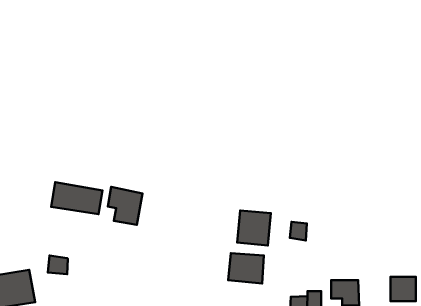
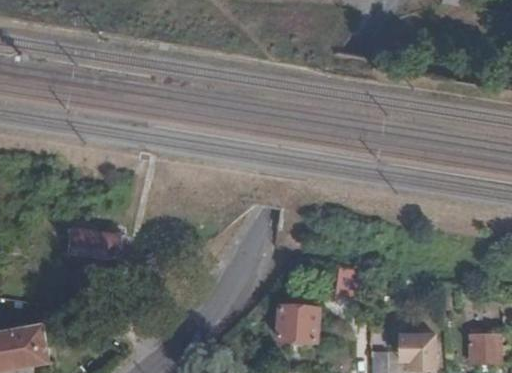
building: [108,187,142,225] -> none
building: [237,210,271,245] -> none

